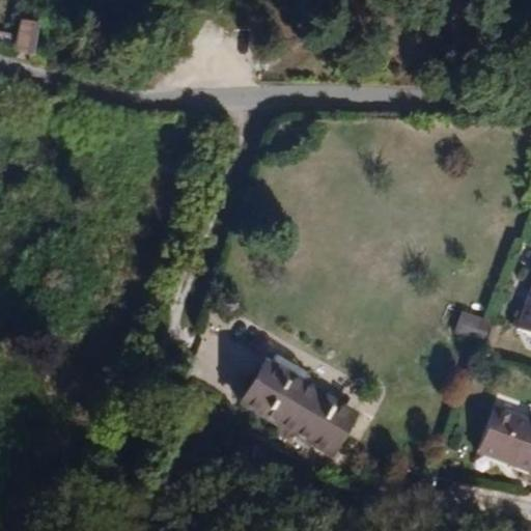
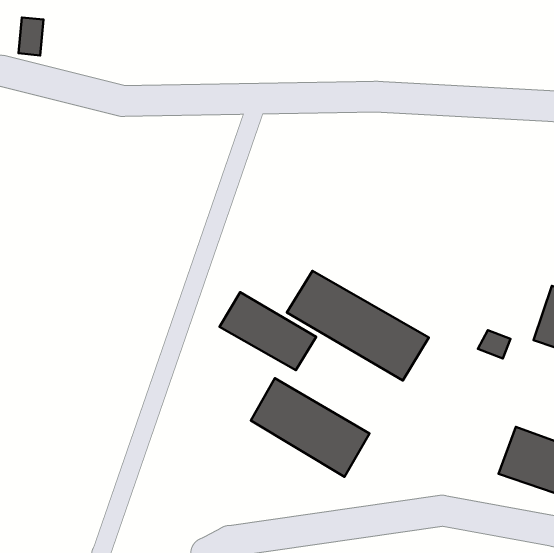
building: none -> [287,271,429,381]
building: none -> [220,292,316,370]

